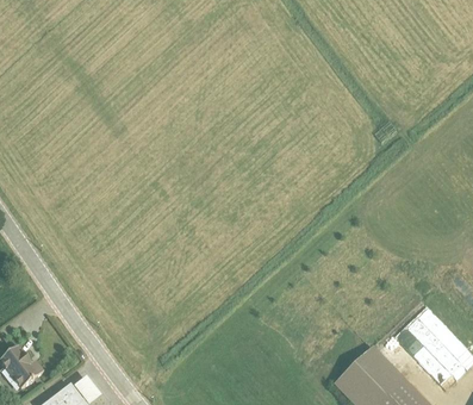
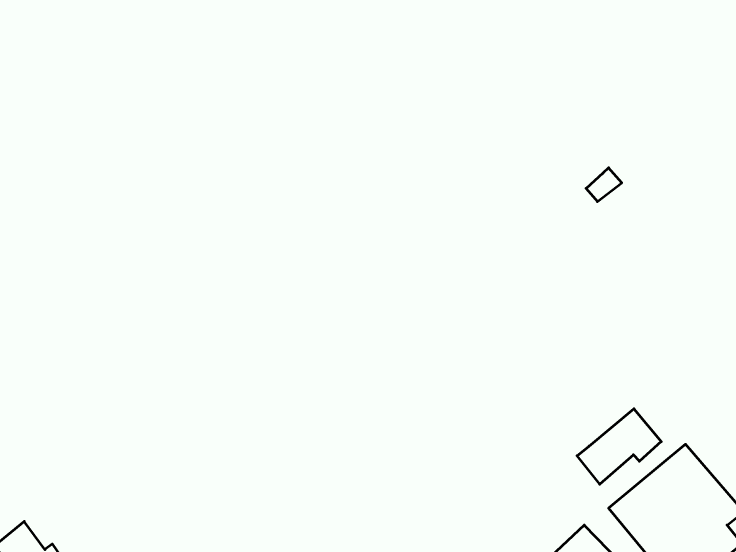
building: none -> [577,409,661,484]

